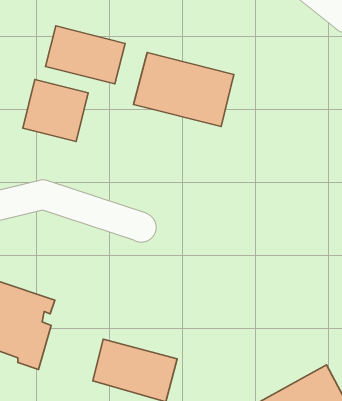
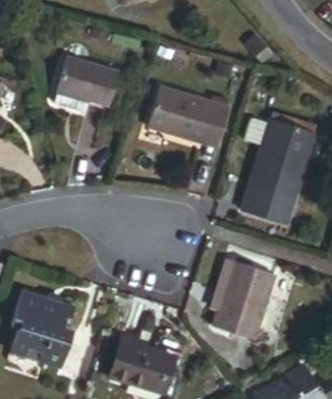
building: [23,79,88,141] -> none
building: none -> [241,125,312,224]
building: none -> [205,254,274,340]

